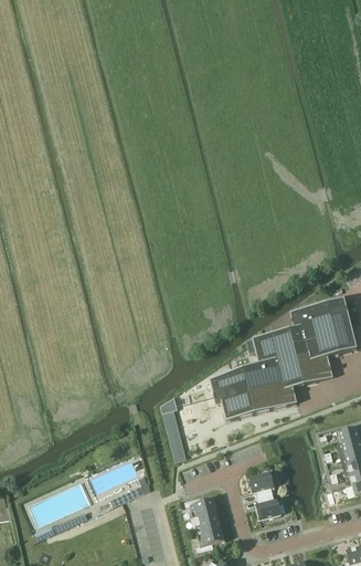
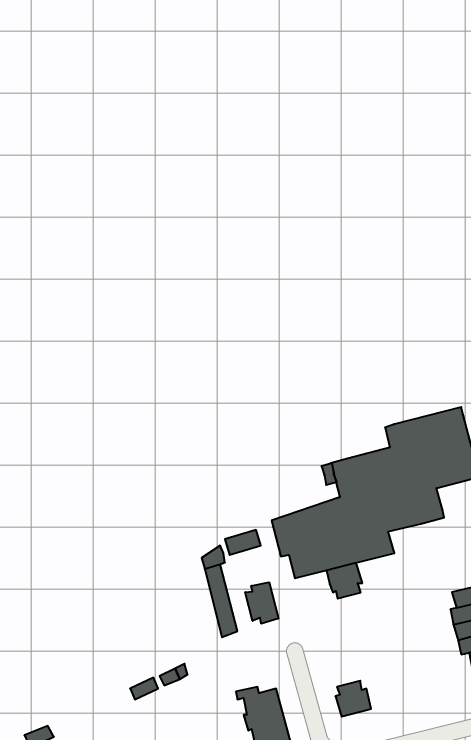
building: none -> [245,582,278,624]
building: [248,471,274,496] -> [327,563,362,599]

